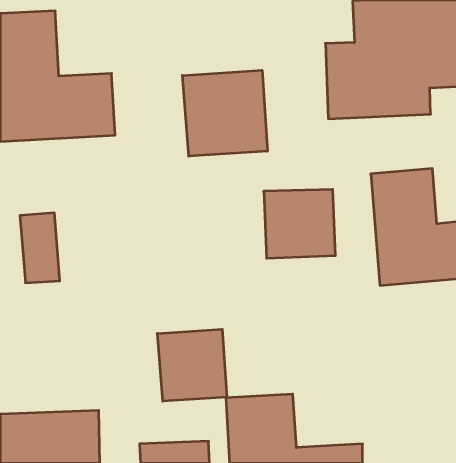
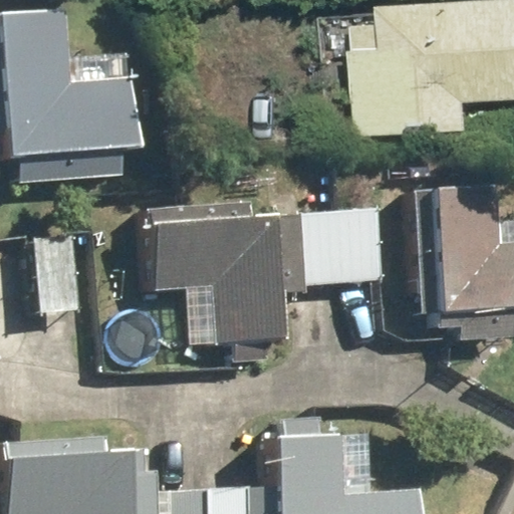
building: [182,70,267,156] -> none
building: none -> [141,221,271,344]
building: [157,329,227,401] -> none

